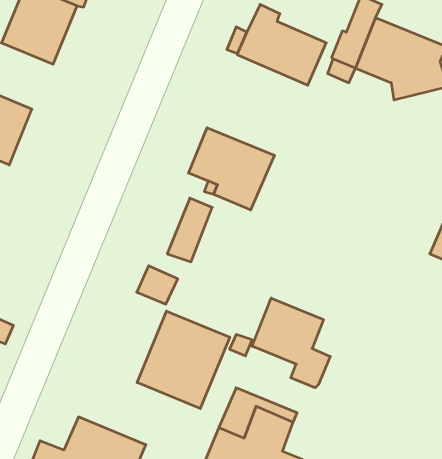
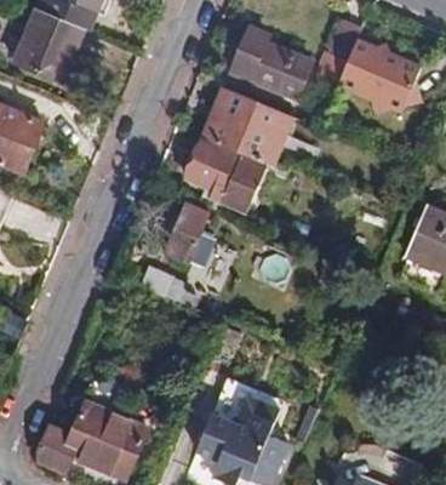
building: none -> [202,89,292,169]
building: [252,298,330,388] -> none
building: [137,311,230,409] -> none

